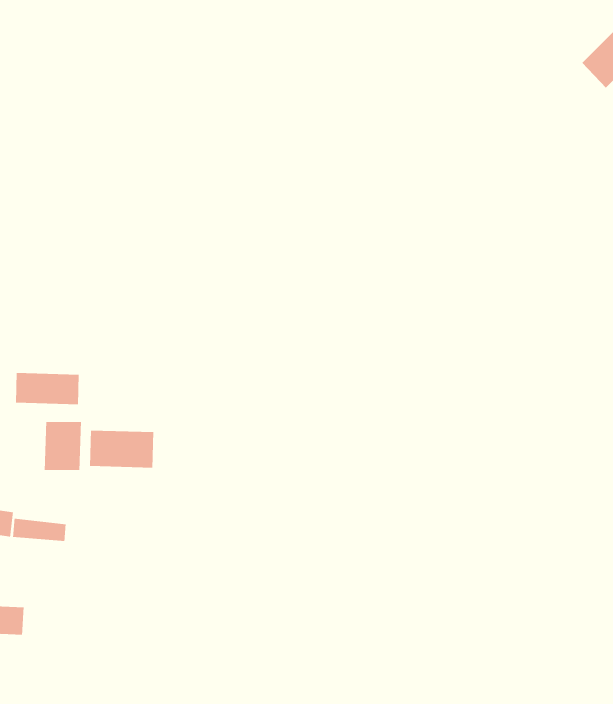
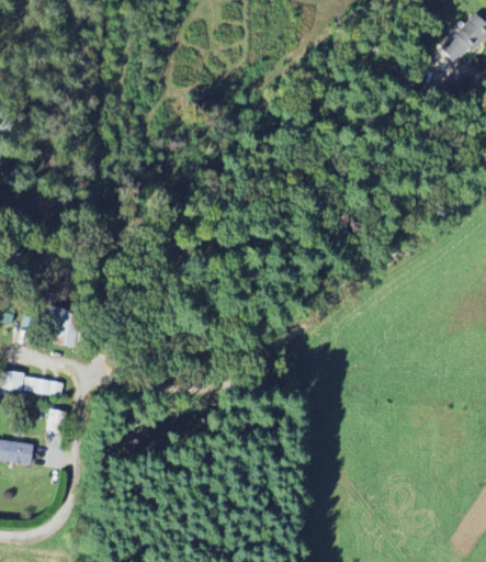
building: [15,372,79,405] -> none
building: [89,430,154,469] -> none

